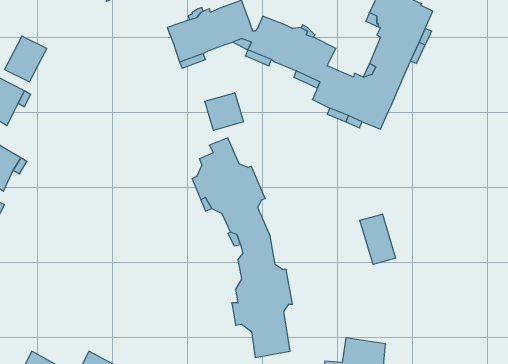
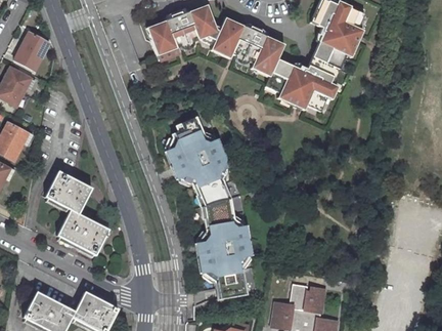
building: [205,93,243,130] -> none
building: none -> [43,172,106,257]
building: [360,214,396,264] -> none

